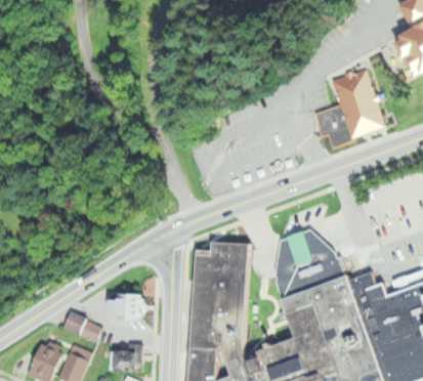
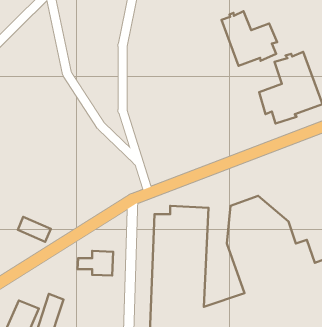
building: none -> [221,11,277,66]
building: [67,310,103,338] -> [18,217,51,242]
building: [110,350,140,370] -> none

